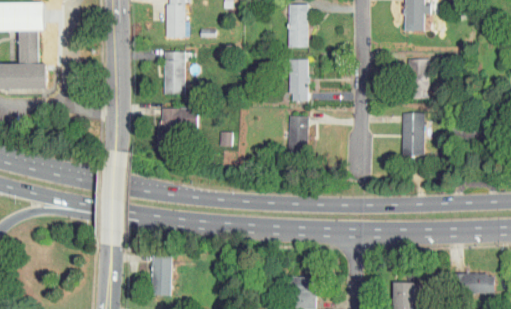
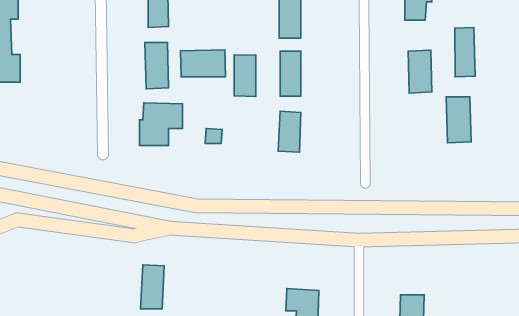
building: none -> [455,28,475,77]
building: none -> [181,50,226,77]
building: none -> [234,55,256,96]
building: [399,112,422,155] -> [446,97,471,143]
building: [461,278,501,298] -> none

